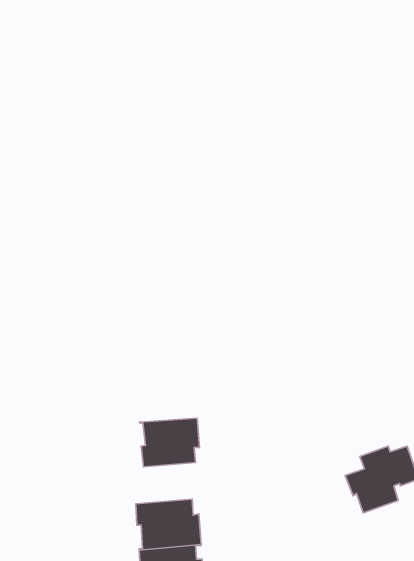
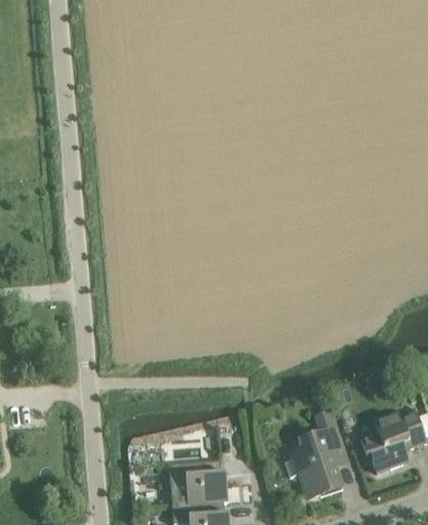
building: [140,418,200,467] -> none
building: none -> [284,411,347,497]

